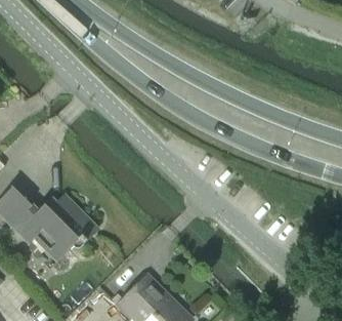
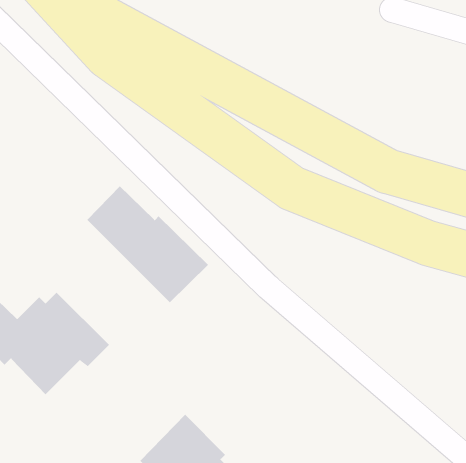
building: none -> [87,185,209,303]

